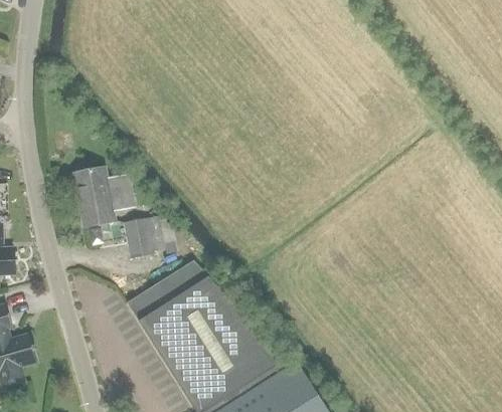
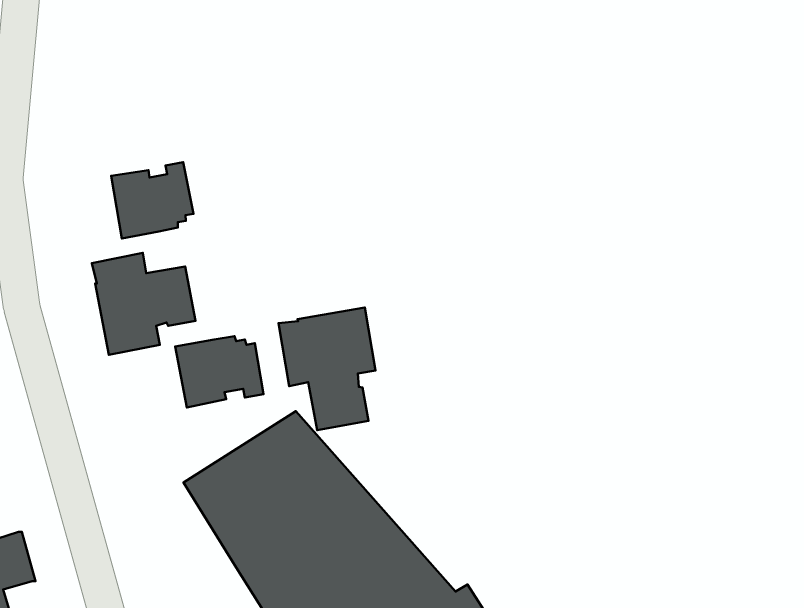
building: none -> [111,162,194,239]
building: none -> [278,307,375,430]

